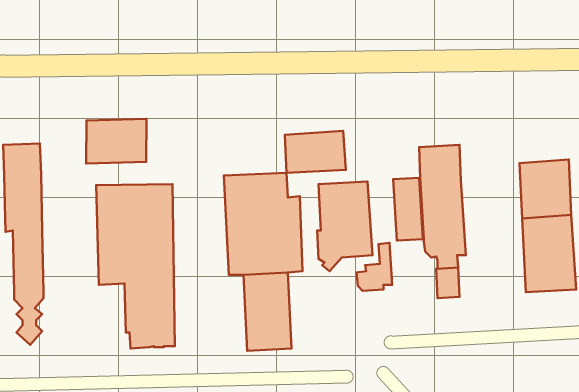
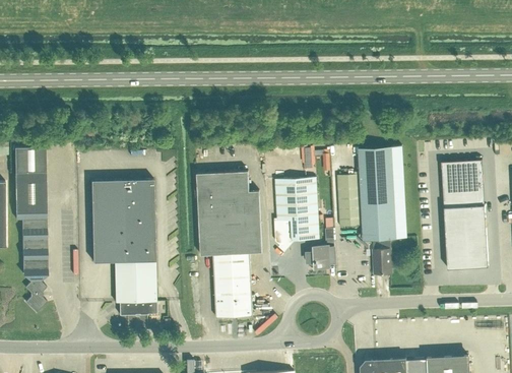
building: [86,119,147,164] -> none
building: [285,131,346,173] -> none

